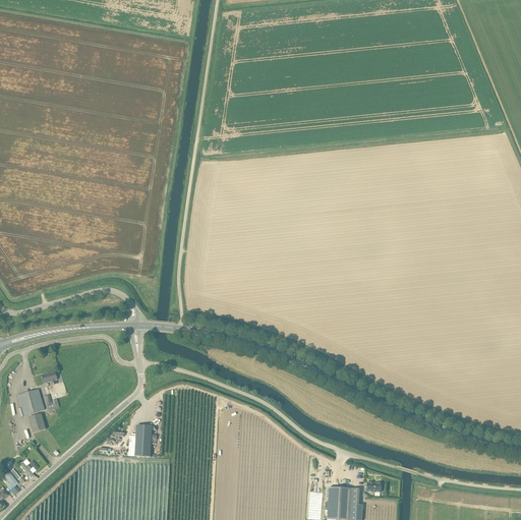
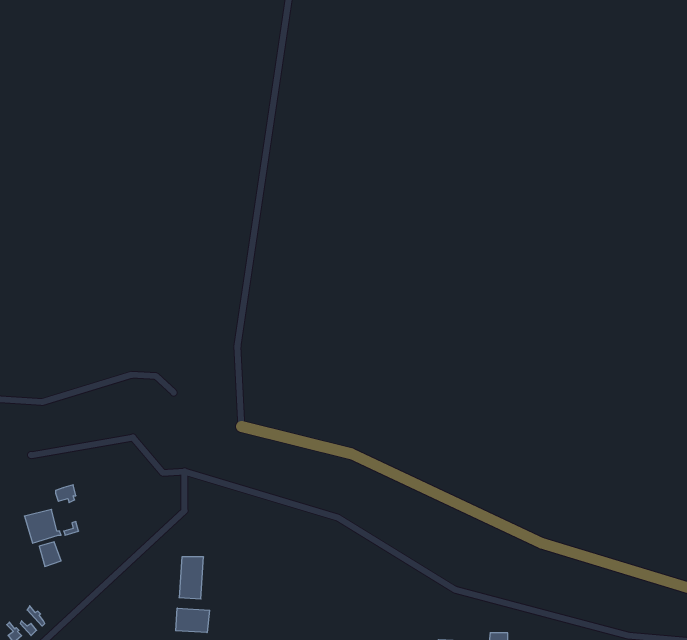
building: none -> [176,608,210,633]

